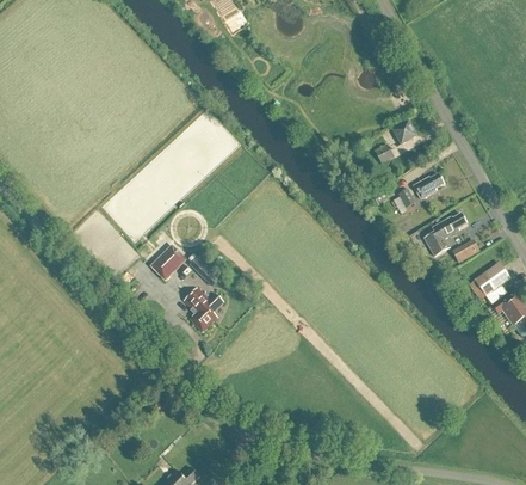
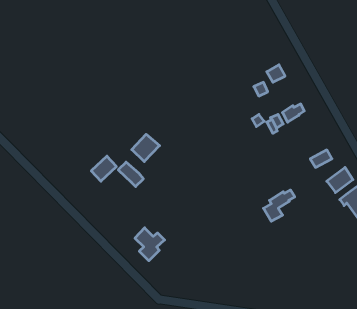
building: [423,213,466,256] -> [263,190,295,221]
building: none -> [132,134,160,162]
building: [184,286,224,331] -> [135,228,165,261]

